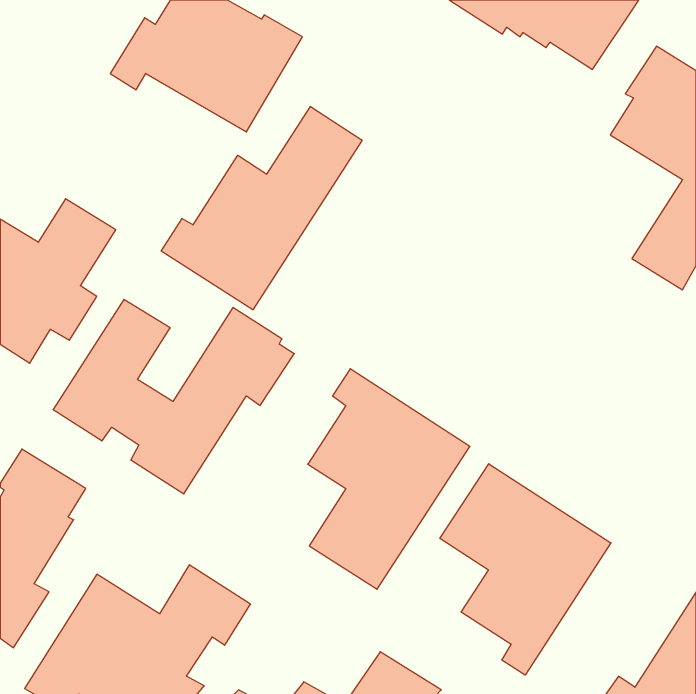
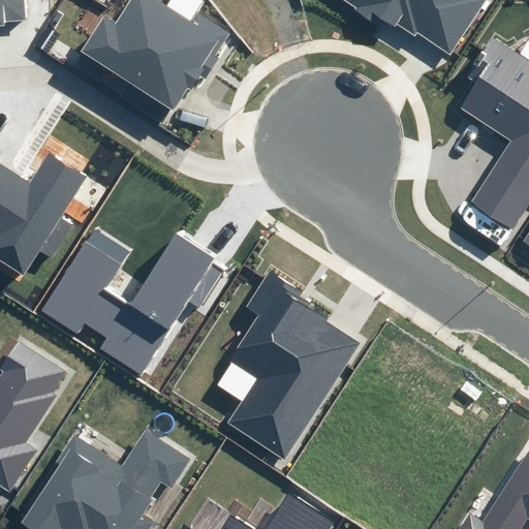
building: [161,106,362,310] -> none
building: [440,464,611,675] -> none

